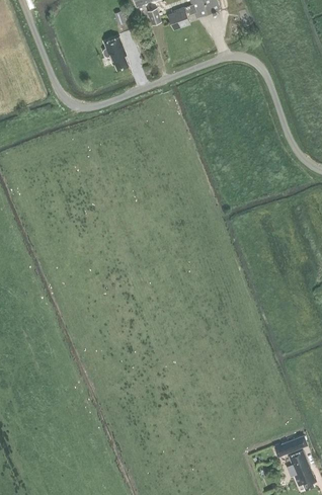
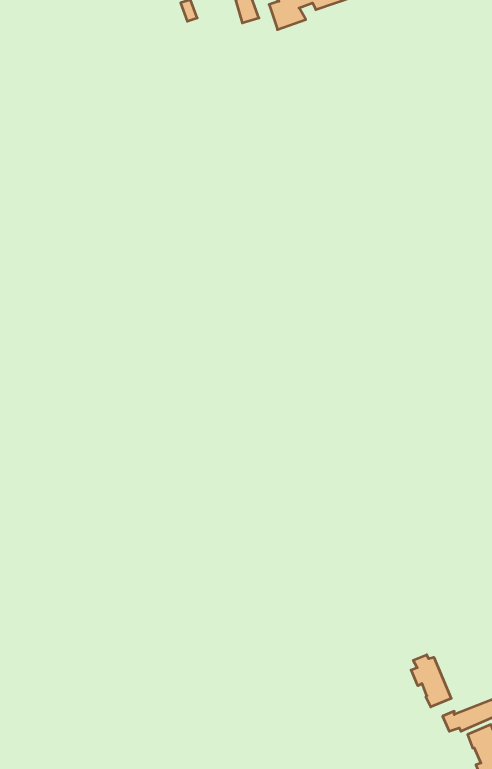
building: [103,35,129,68] -> none
building: none -> [411,655,451,707]

